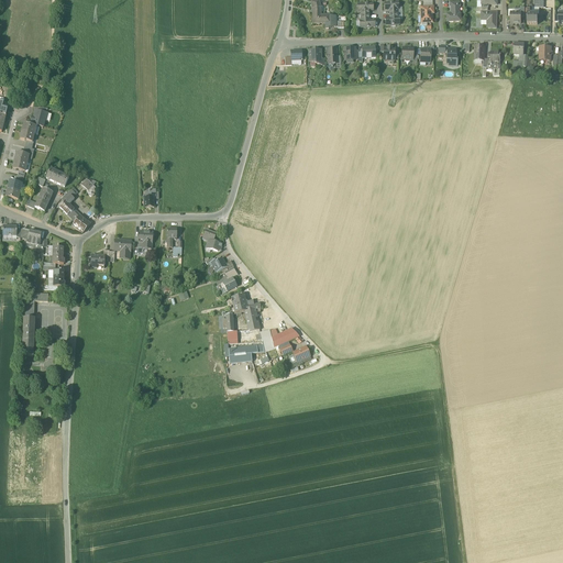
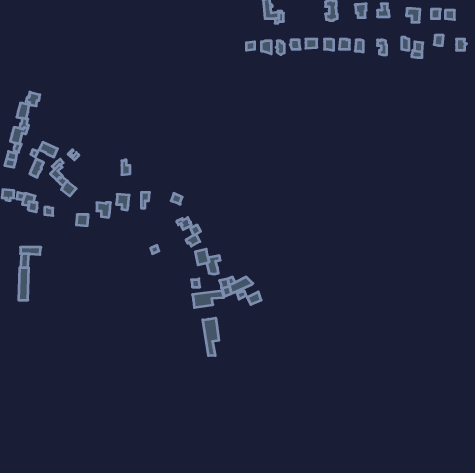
building: none -> [203,318,219,356]

